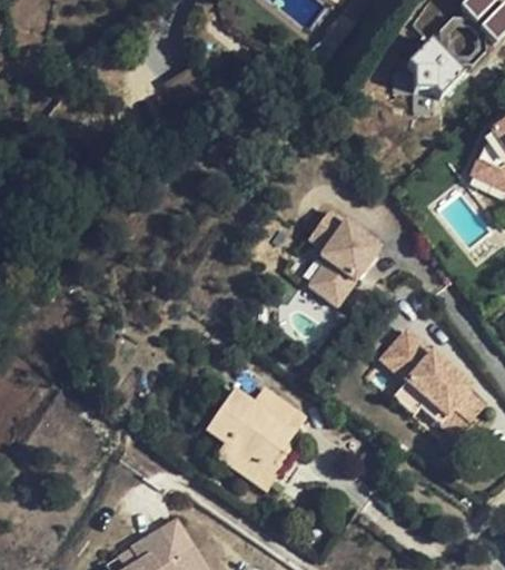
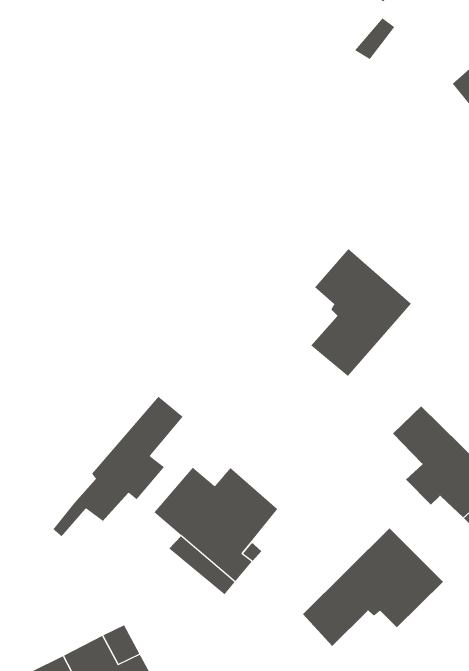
building: none -> [52,396,183,537]
building: none -> [302,527,444,647]

